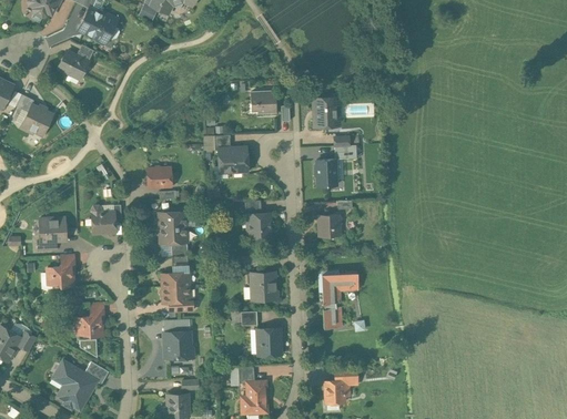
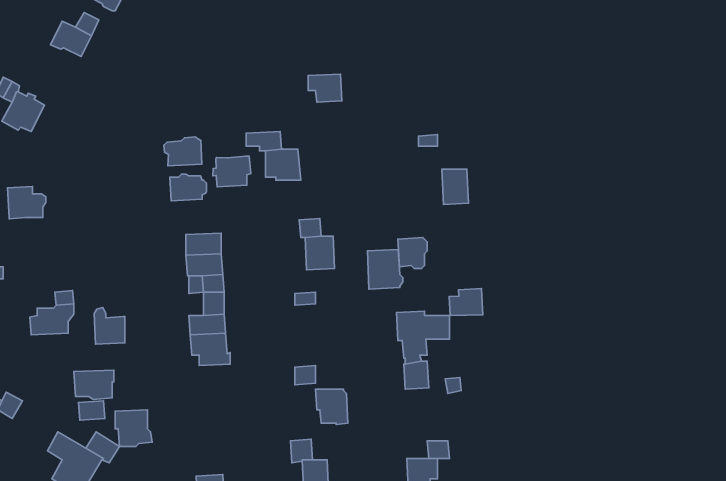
building: [313,98,337,127] -> none
building: none -> [164,137,202,166]
building: none -> [213,156,251,187]
building: [316,161,336,187] -> [442,169,468,205]
building: [91,206,114,234] -> [94,308,125,344]
building: [39,218,68,243] -> [8,186,46,219]
building: none -> [449,289,483,315]
building: [251,272,277,302] -> [367,249,403,289]
building: [164,331,192,359] -> [115,410,152,447]

